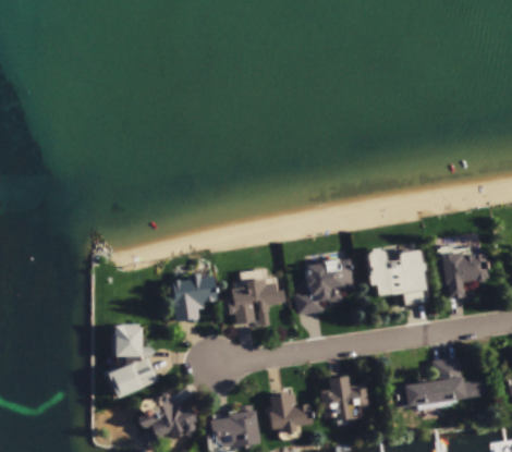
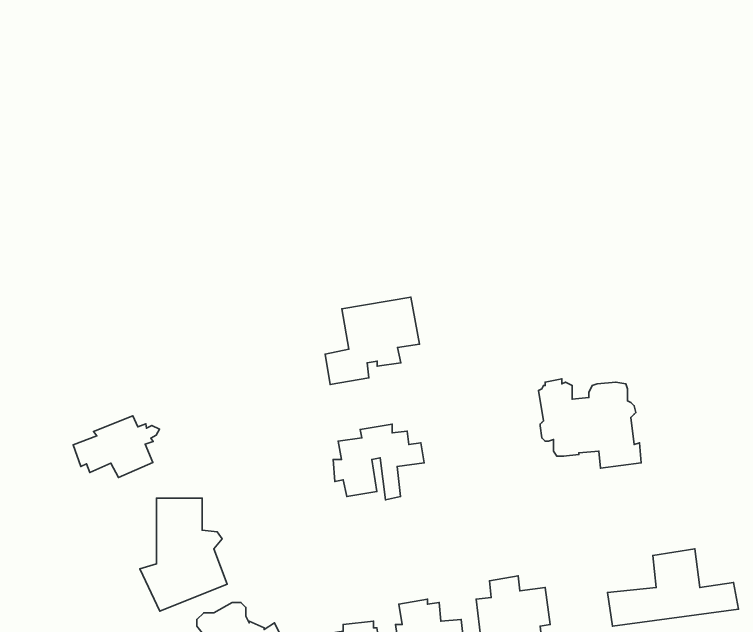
building: [439,251,487,296] -> none
building: [295,257,356,314] -> [325,297,419,385]
building: none -> [73,416,160,477]
building: [171,272,217,321] -> none

